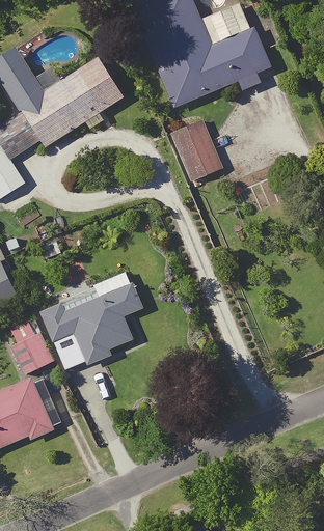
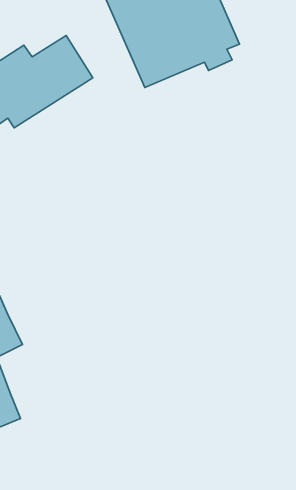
building: [167,111,219,181] -> none
building: [38,270,141,362] -> none

